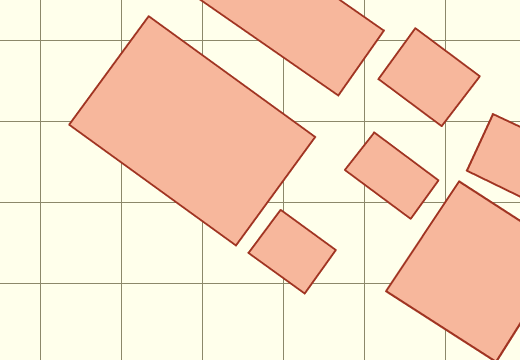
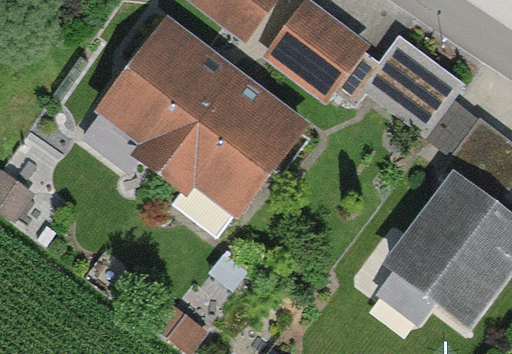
building: [345,132,438,219] -> none
building: [248,210,336,294] -> none

